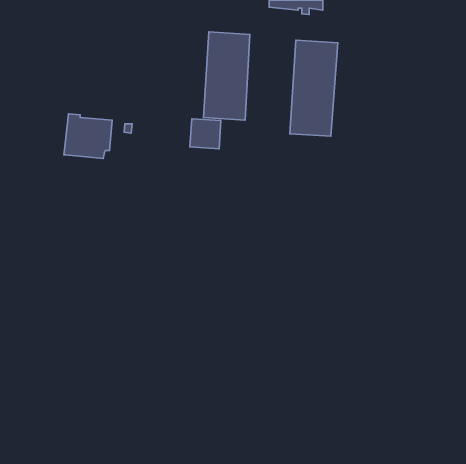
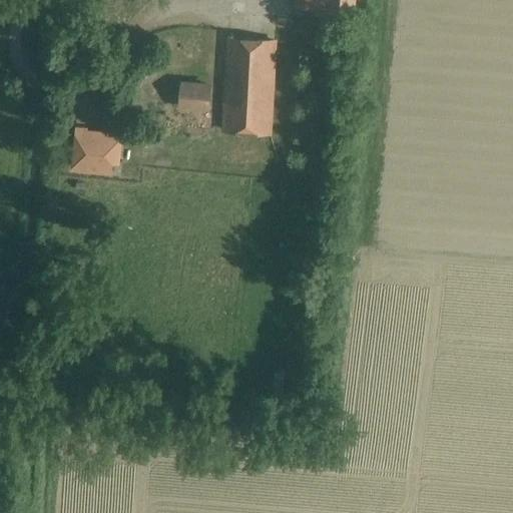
building: [290,40,338,136] -> none
building: [190,119,221,149] -> [178,80,212,113]

